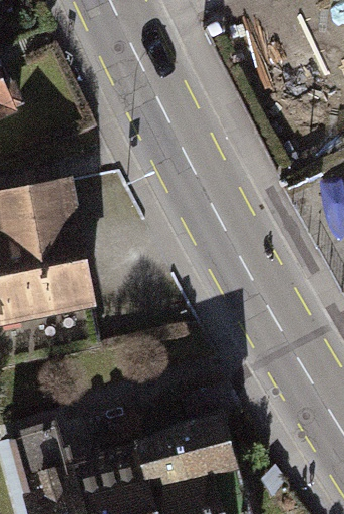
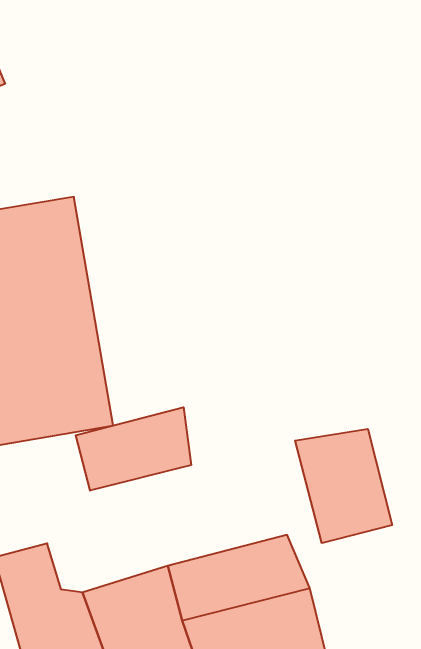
building: none -> [76,407,191,491]
building: none -> [295,429,392,543]

